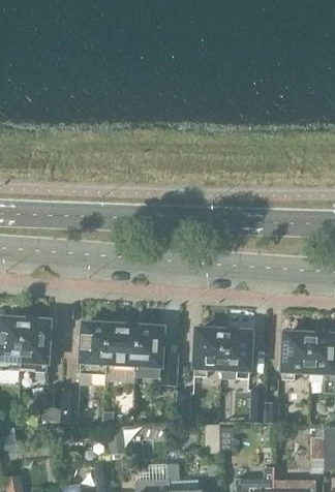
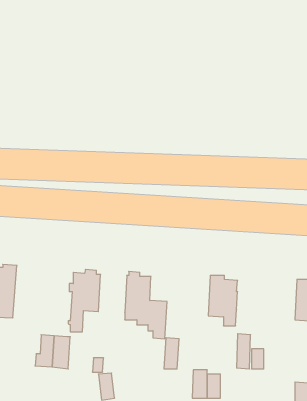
building: [21,316,51,372] -> none
building: [109,322,138,365] -> none
building: [194,326,223,376] -> none
building: [282,330,312,380] -> none

